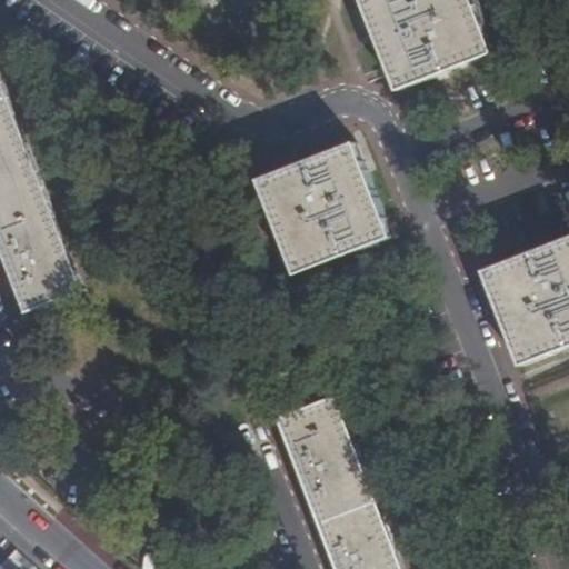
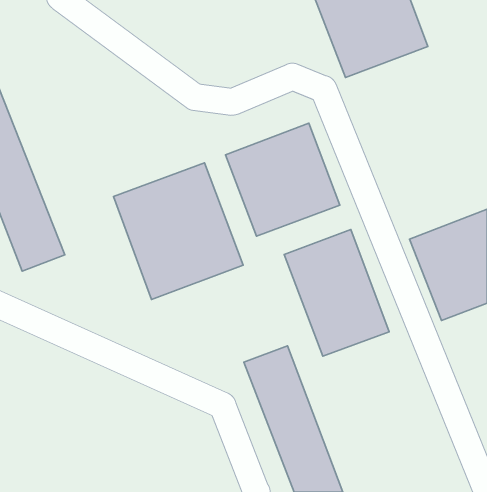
building: none -> [113,163,243,300]
building: none -> [284,229,389,356]

